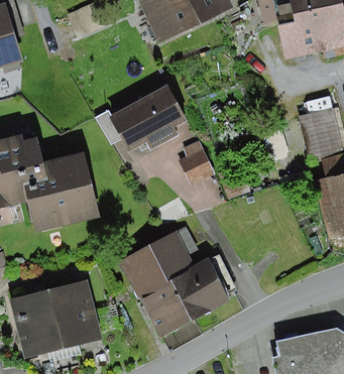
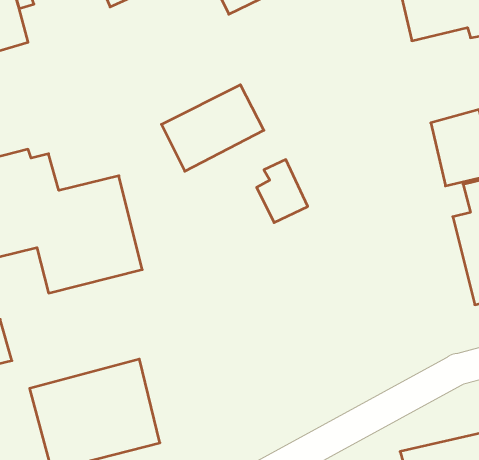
building: [131,232,241,333] -> none

